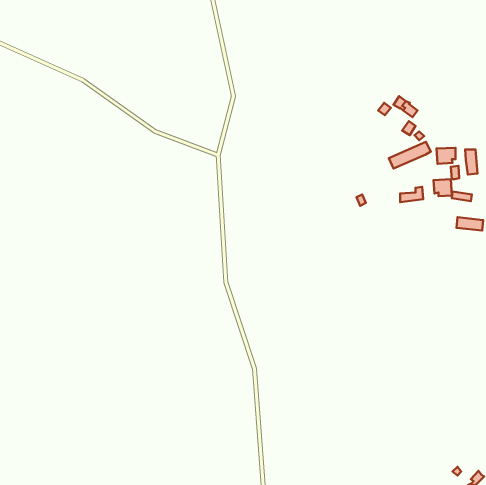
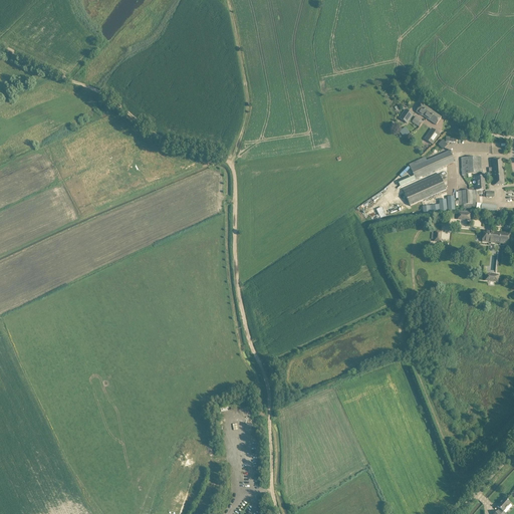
building: none -> [402,172,445,205]

